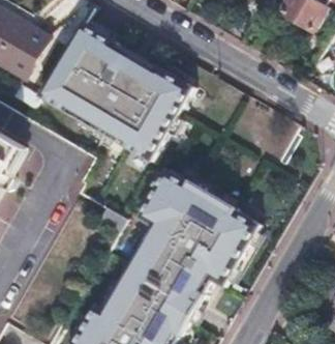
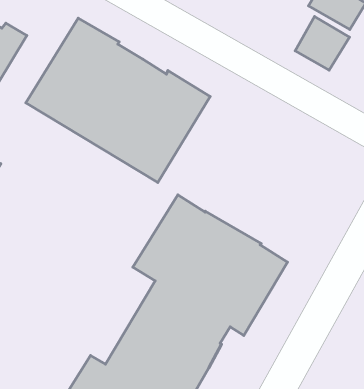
building: none -> [295,17,349,70]

